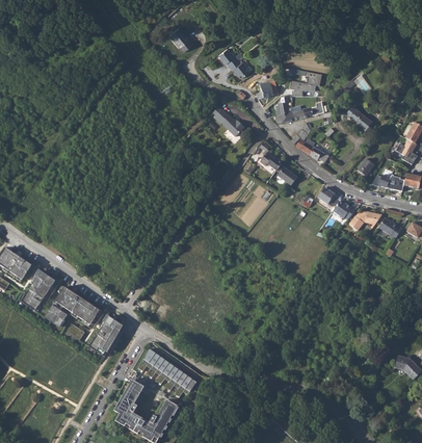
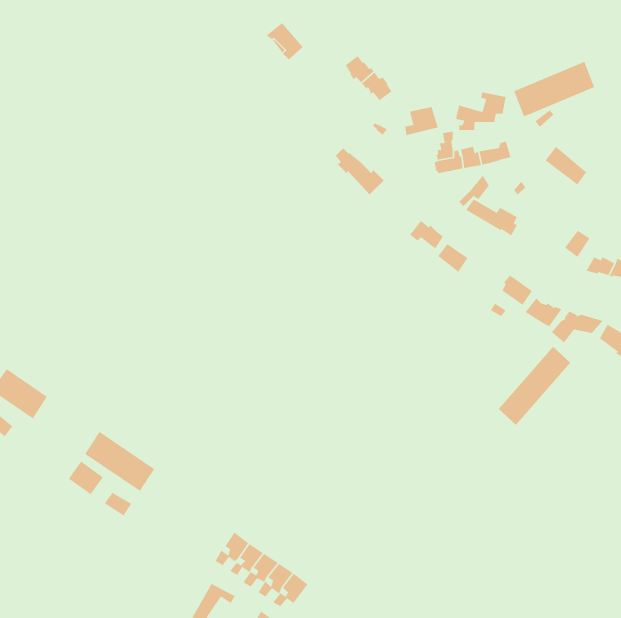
building: none -> [513,61,595,117]
building: none -> [498,346,571,426]
building: [21,269,56,309] -> none
building: [88,315,123,355] -> none

